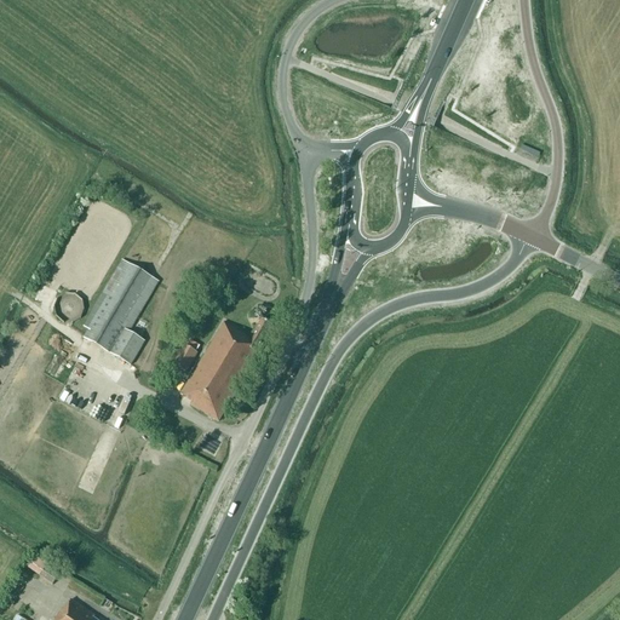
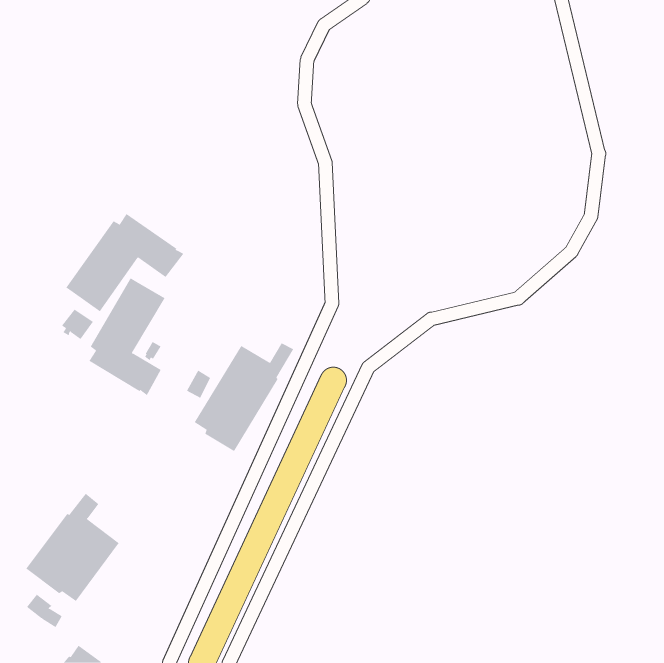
building: none -> [66,213,184,312]
building: none -> [25,493,120,602]

